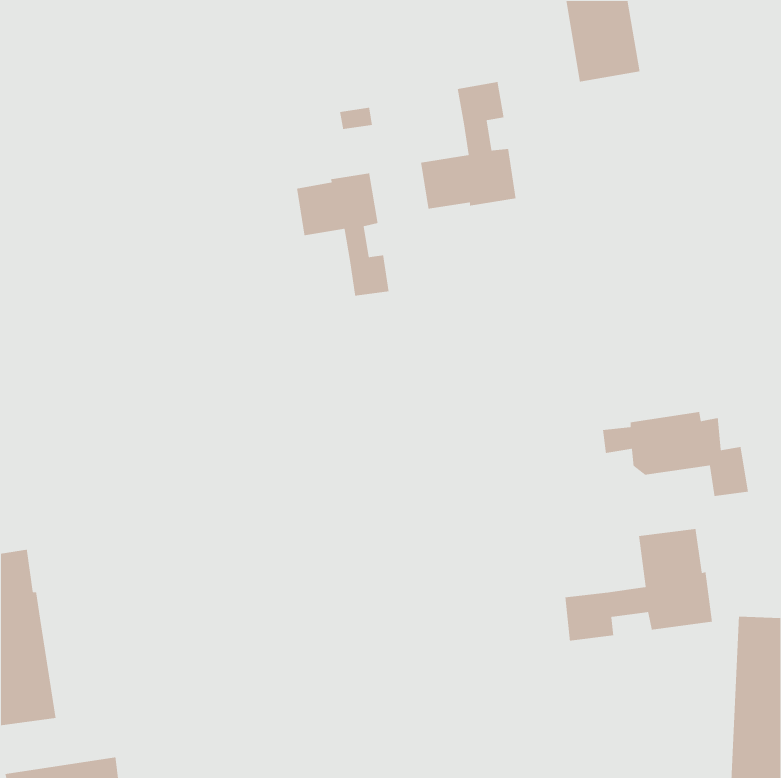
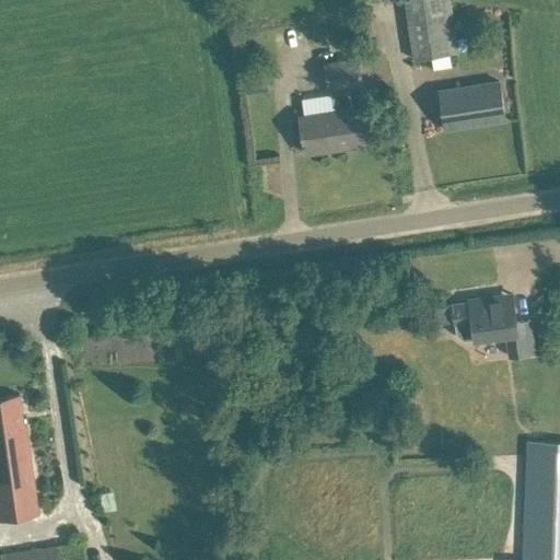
building: none -> [440,82,505,130]
building: [296,173,390,296] -> none
building: [565,528,713,641] -> none

